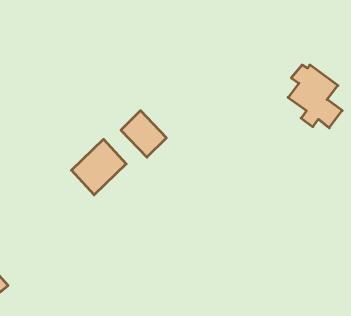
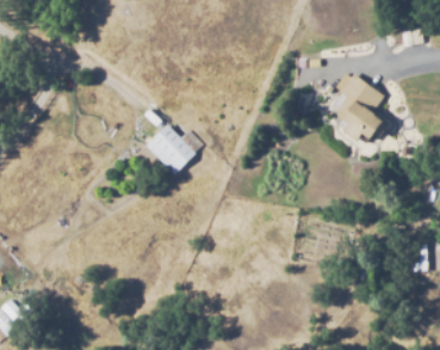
building: [71,139,126,195] -> none

